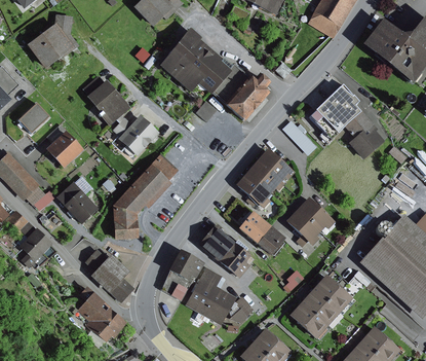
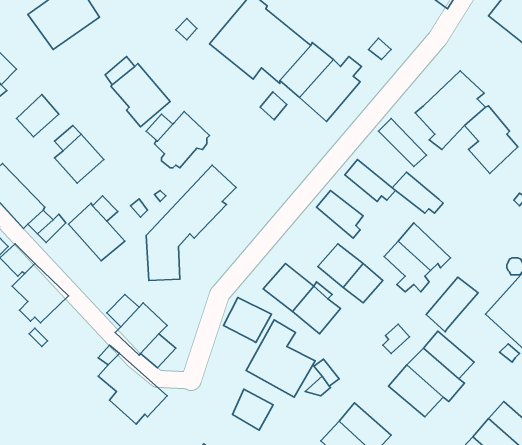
building: [247,160,284,190] -> [392,172,443,213]
building: none -> [426,277,478,332]
building: [161,270,191,300] -> [232,389,273,430]

